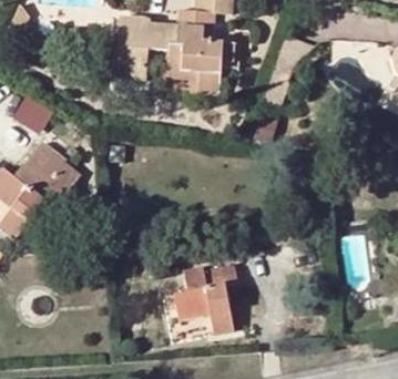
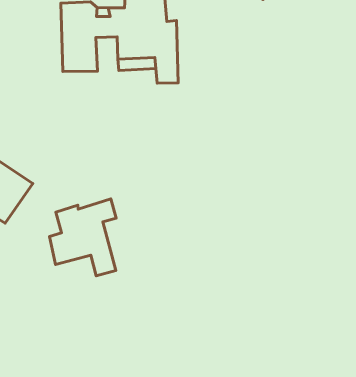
building: [175,266,236,334] -> [49,199,116,276]

